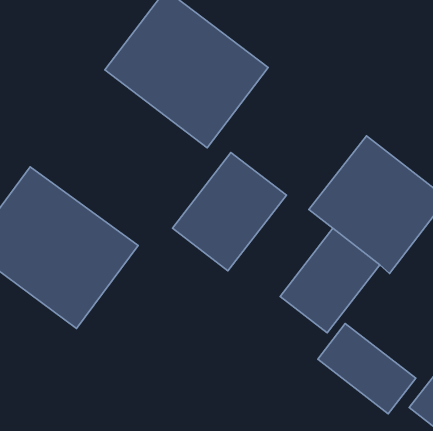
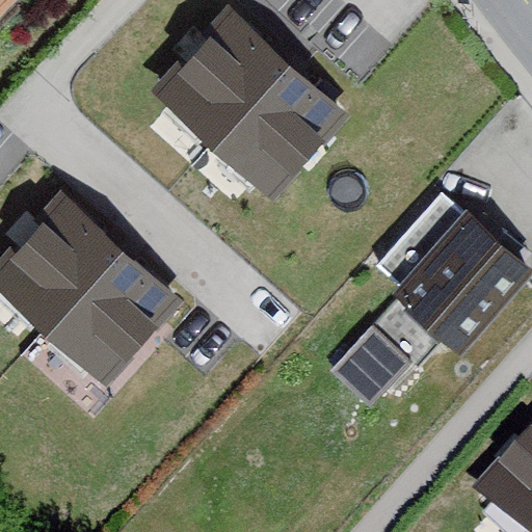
building: [172,152,286,271] -> none
building: [318,324,416,414] -> none

